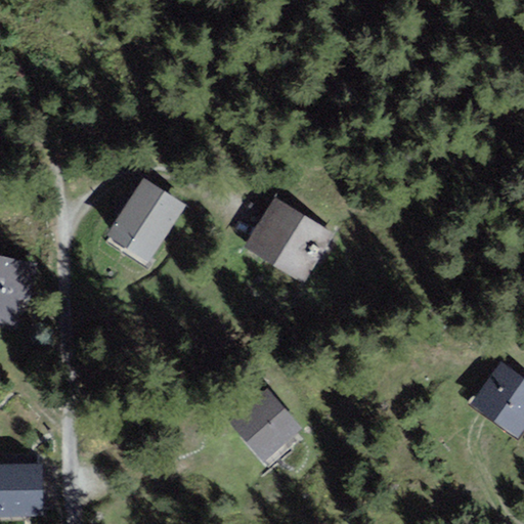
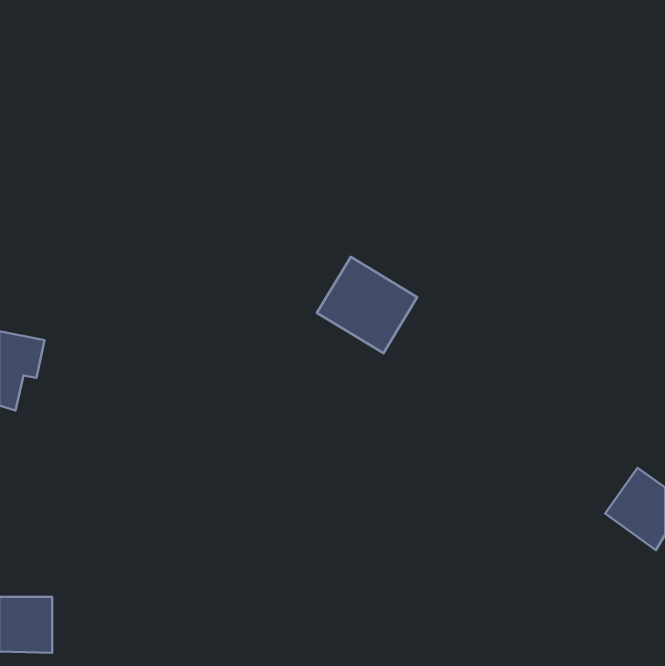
building: [111,183,181,258] -> none
building: [234,394,301,462] -> none

